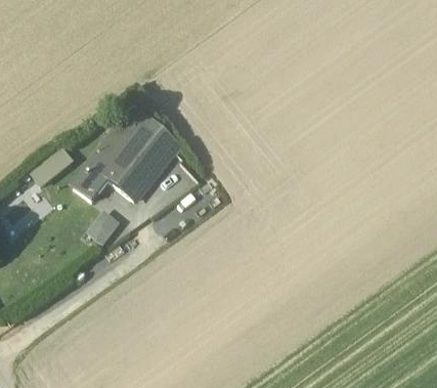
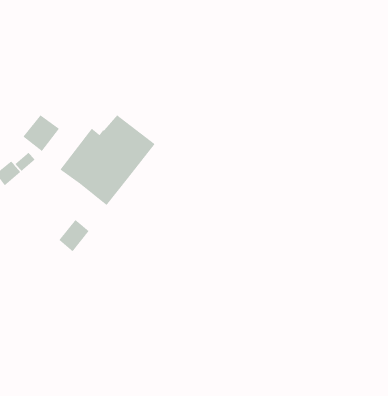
building: [75,166,110,201] -> [22,115,60,152]

